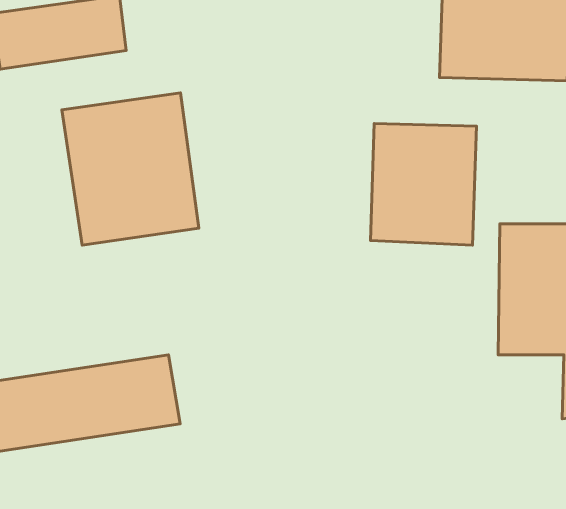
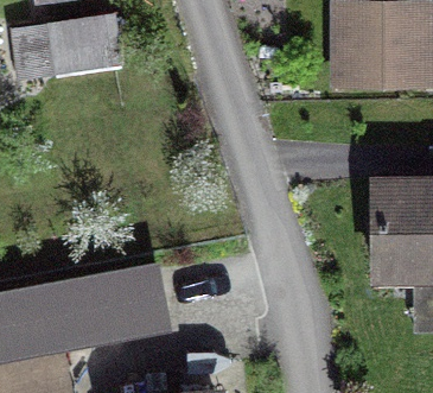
building: [62,93,199,245] -> none
building: [370,124,476,245] -> none

